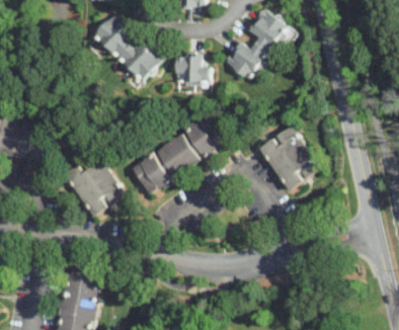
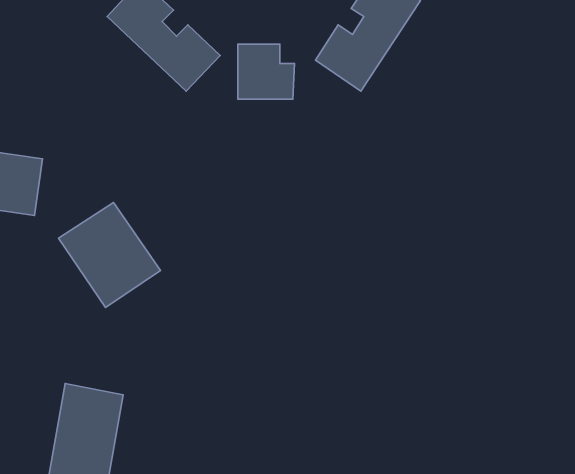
building: [131,115,226,195] -> none
building: [258,125,321,191] -> none

